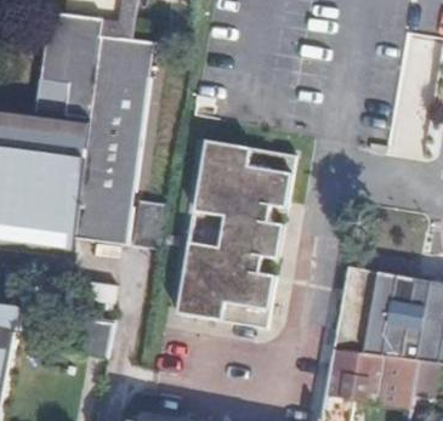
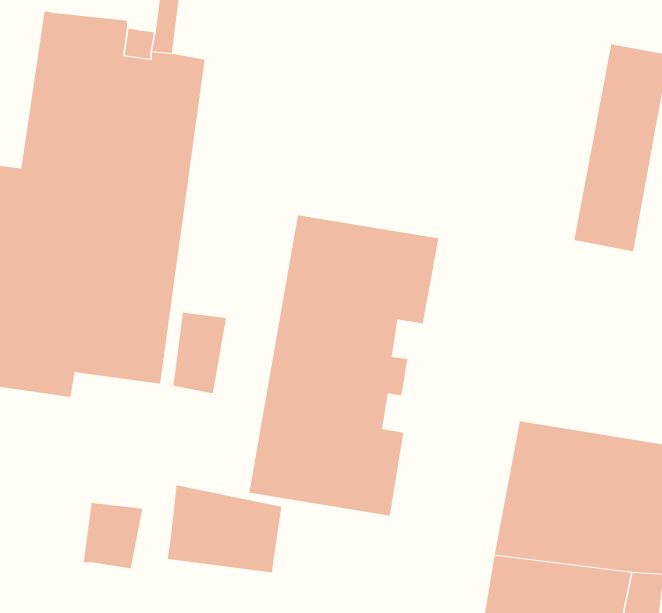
building: none -> [167,484,282,573]

